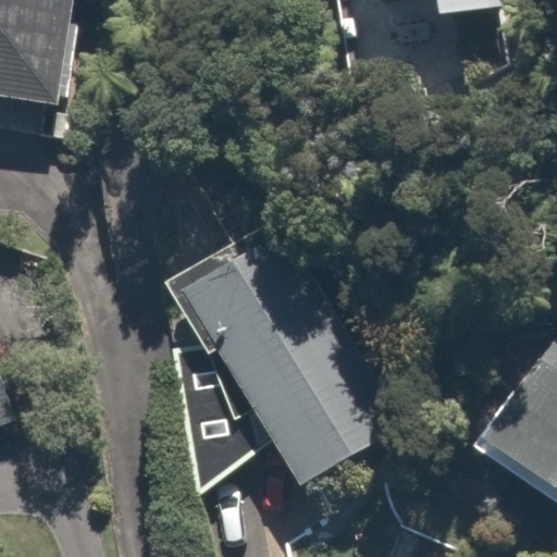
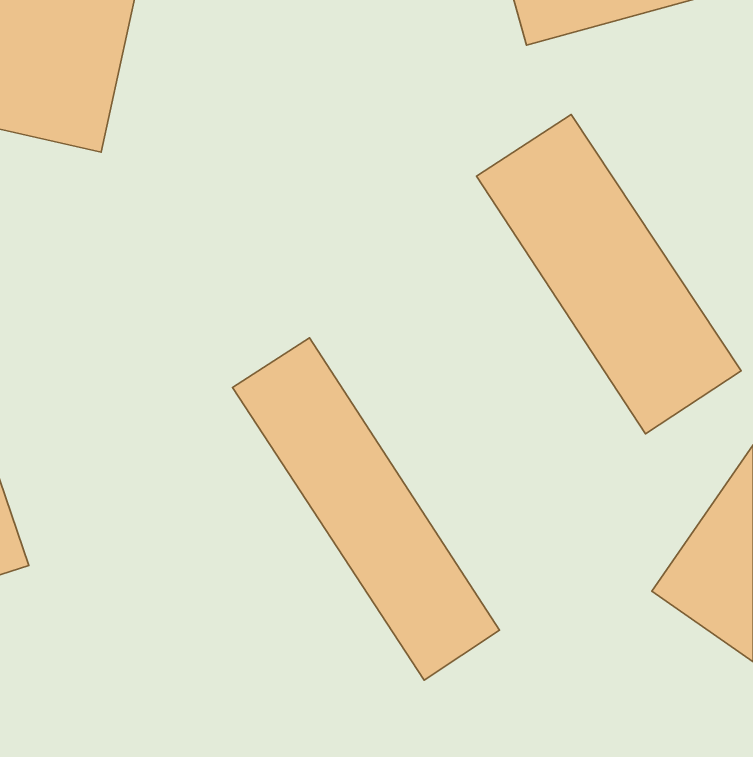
building: none -> [477,114,741,434]

